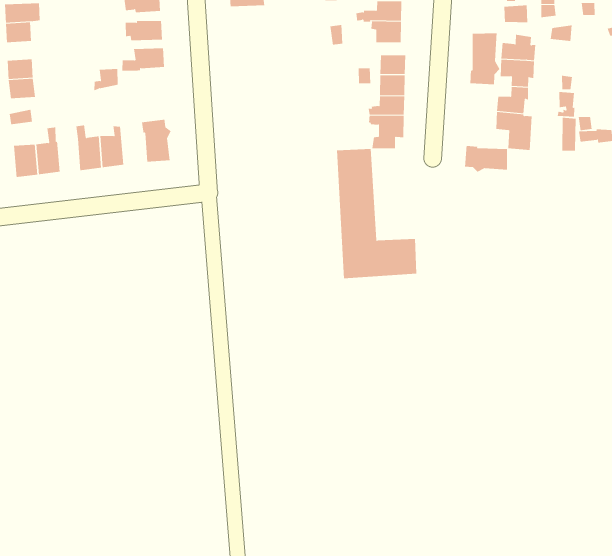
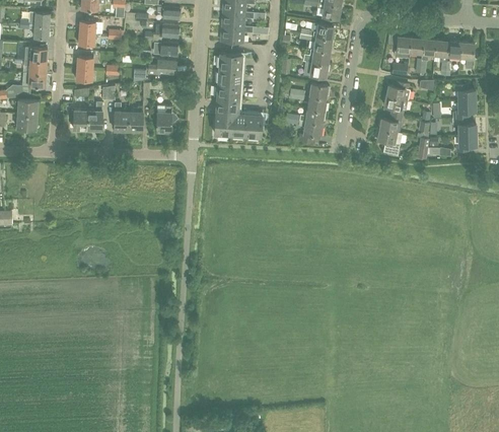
building: [470,32,500,85] -> none
building: [465,145,508,173] -> none
building: [336,149,417,279] -> [214,53,263,137]

